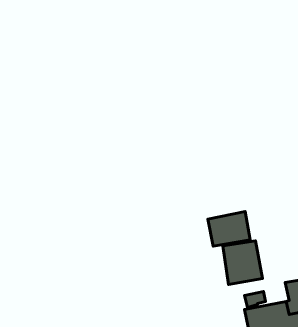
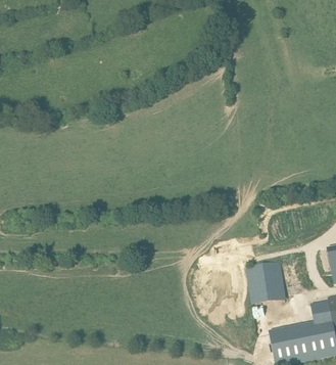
building: [208,212,250,246] -> none

